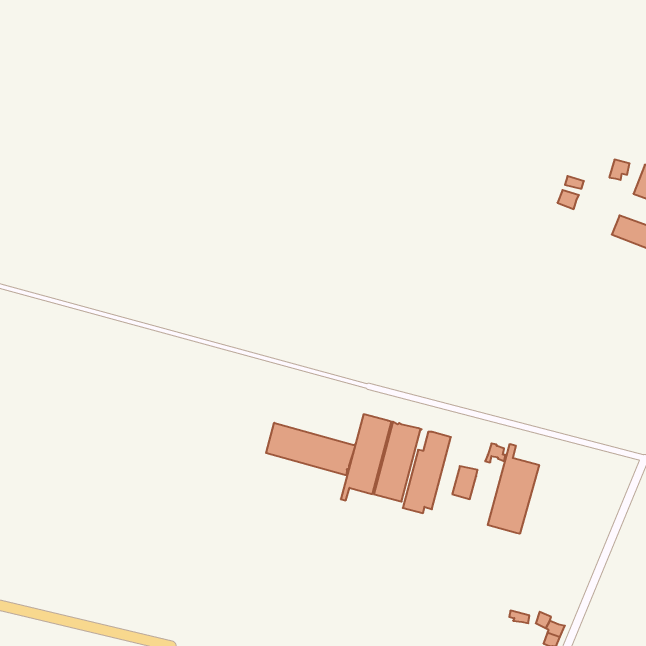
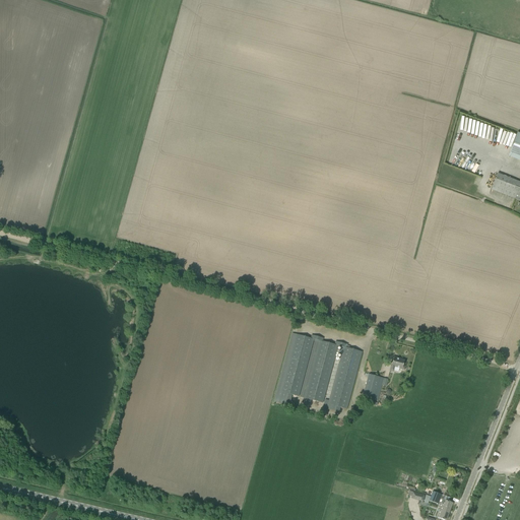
building: [266,423,355,475] -> none
building: [488,444,539,534] -> none

